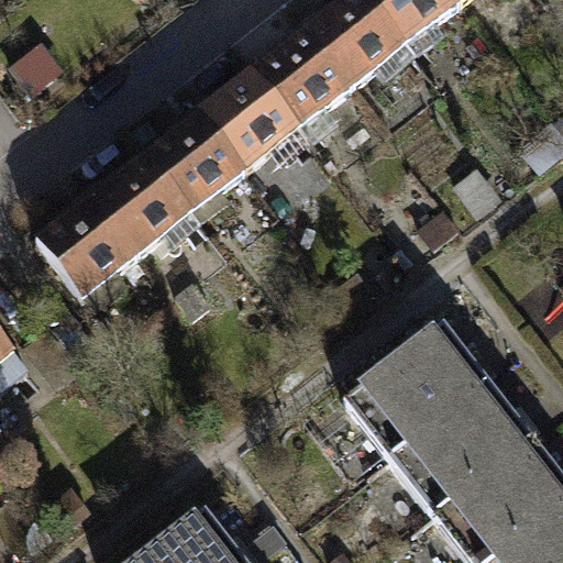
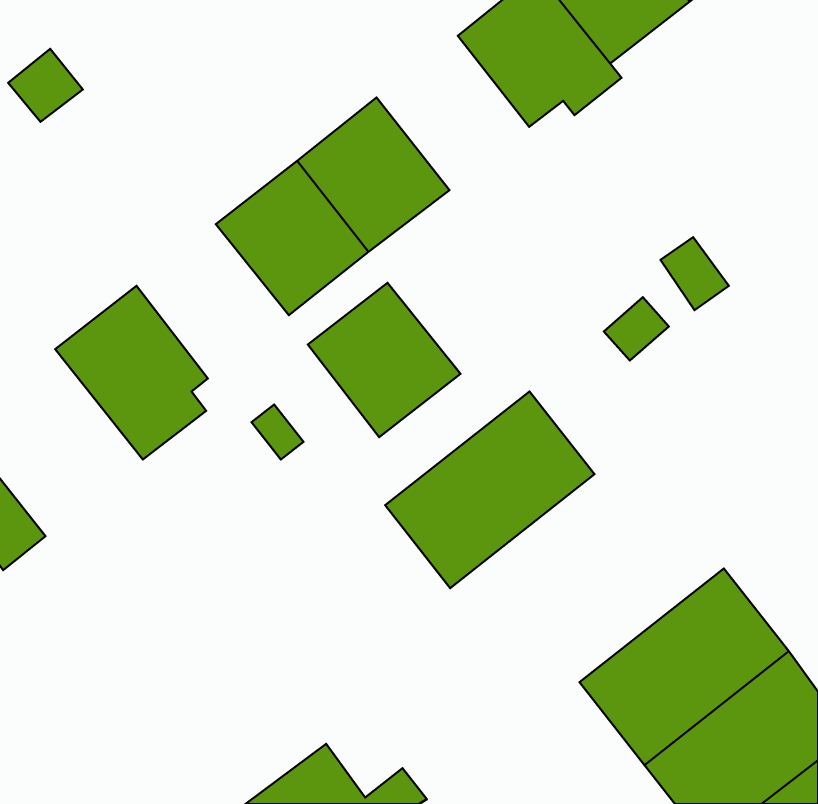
building: [255,24,358,129] -> none
building: [92,152,196,256] -> [308,283,460,437]
building: [349,329,490,462] -> [385,391,595,588]

